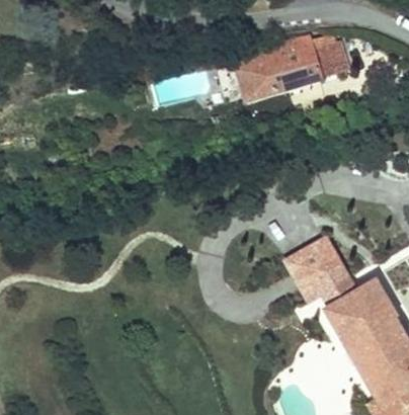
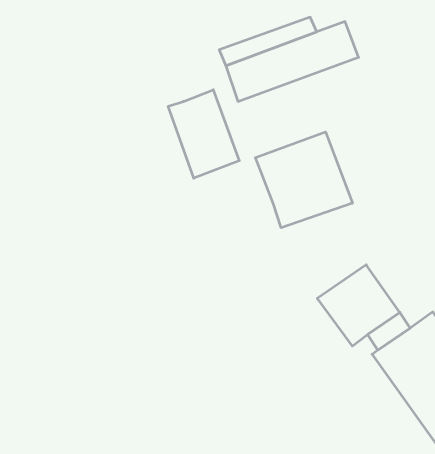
building: none -> [168,90,239,178]
building: none -> [255,132,352,228]

